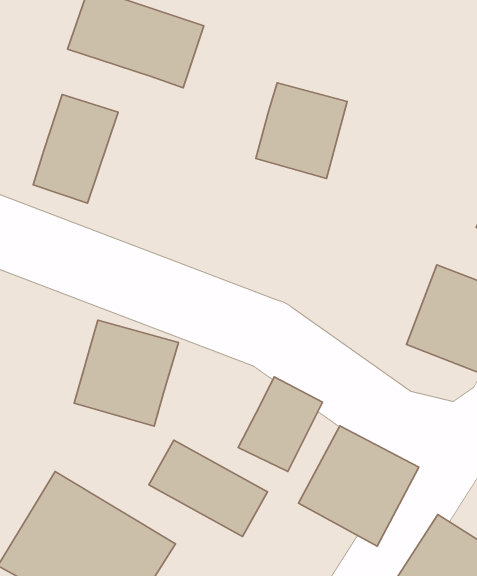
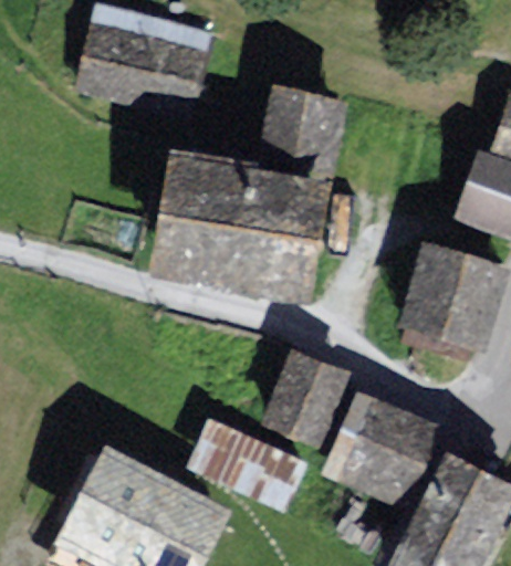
building: [33,95,118,203] -> none
building: none -> [157,159,319,290]
building: [74,320,178,426] -> none

